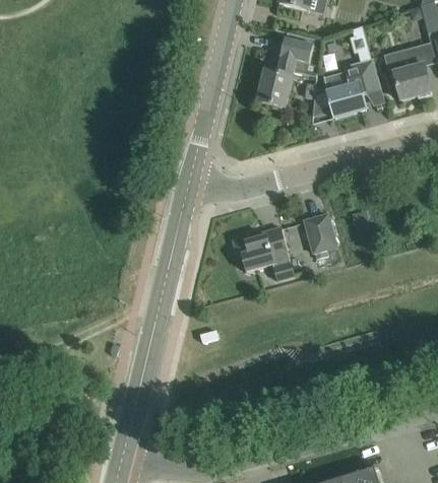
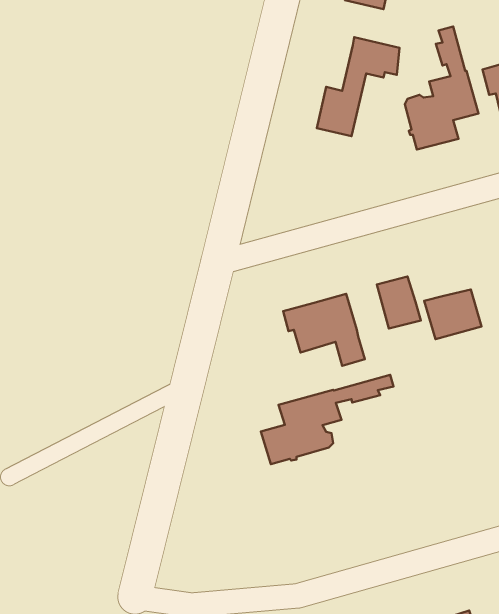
building: none -> [424,290,481,339]
building: none -> [261,375,394,464]

